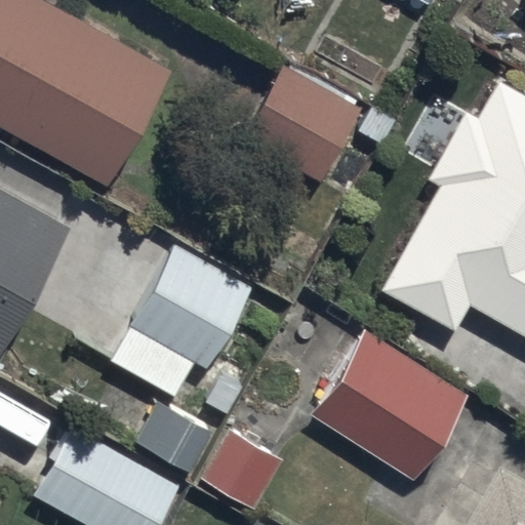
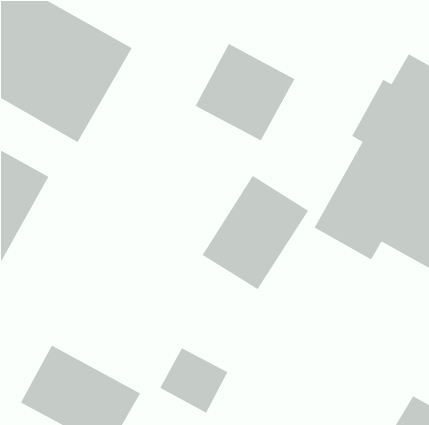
building: none -> [202,175,309,290]
building: [130,244,254,369] -> none
building: [313,333,469,485] -> none

